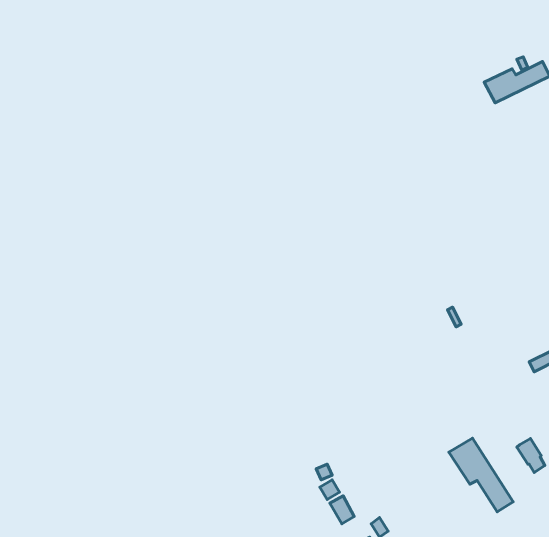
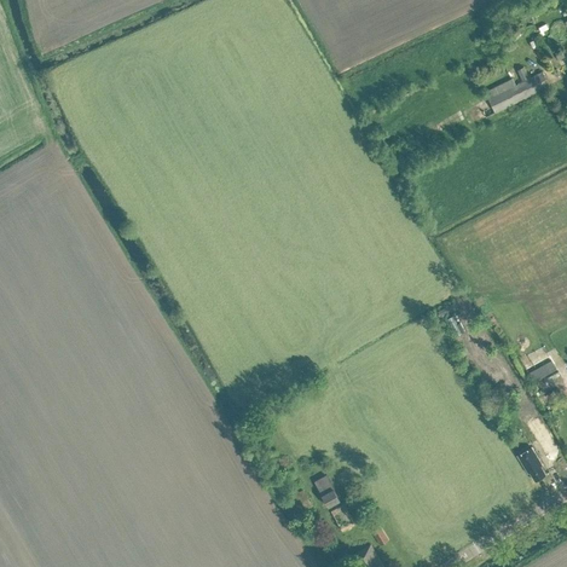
building: [449,438,513,512] -> none

